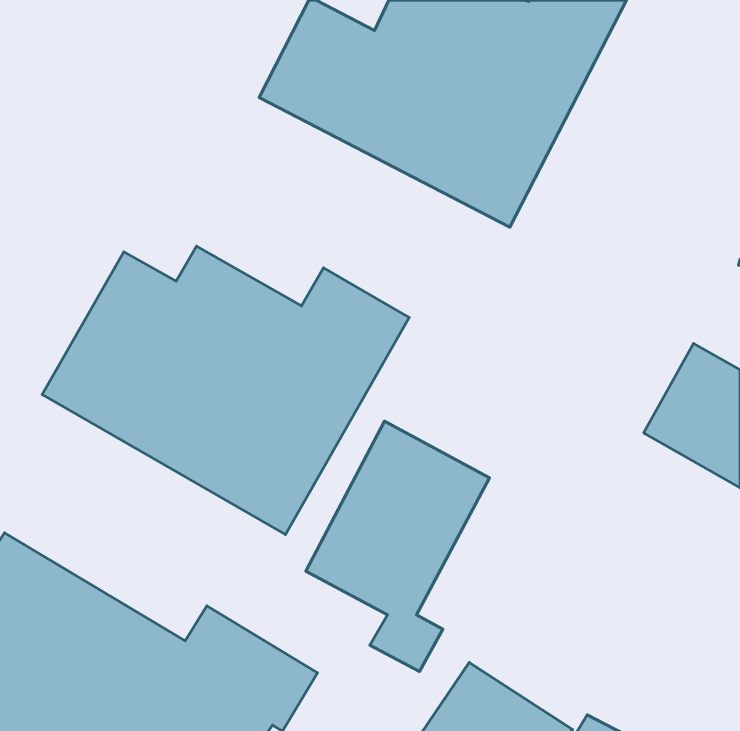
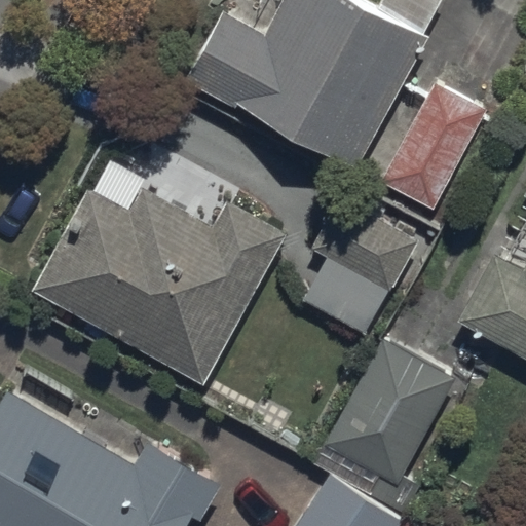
building: none -> [375,79,486,209]
building: none -> [305,195,417,337]
building: [306,421,489,672] -> [328,343,457,520]

